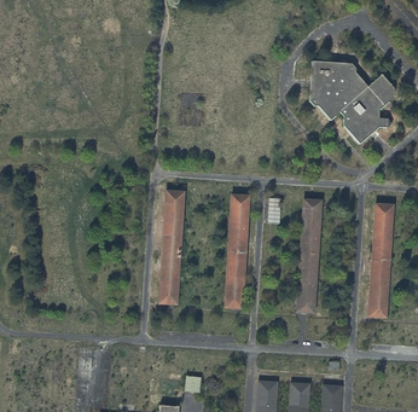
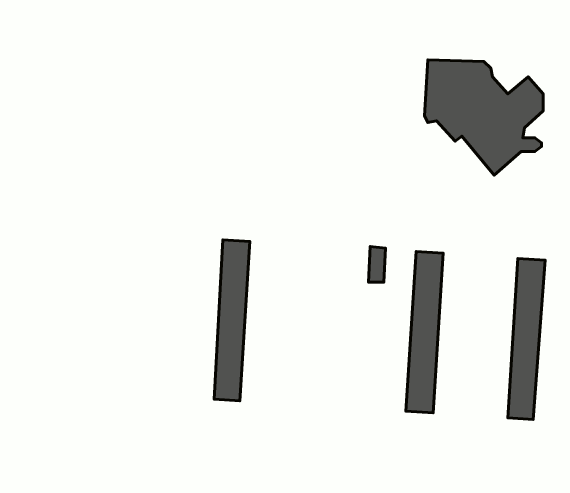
building: [223,193,250,308] -> none

